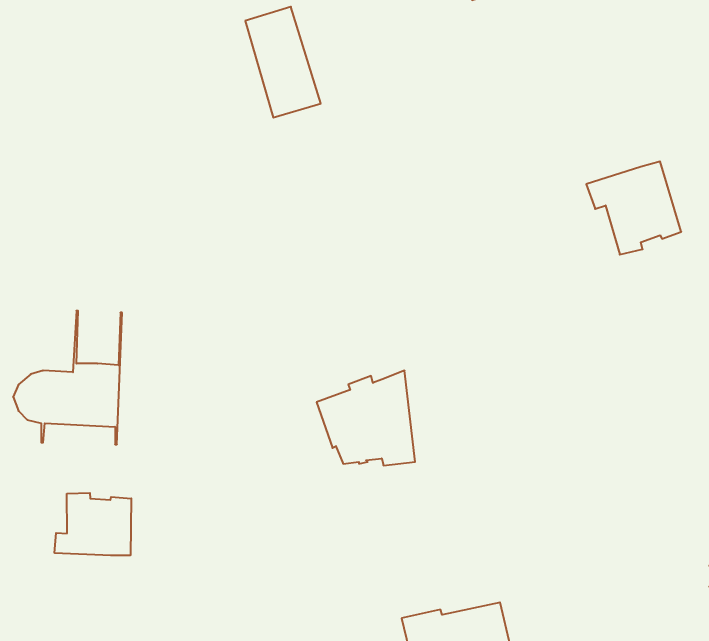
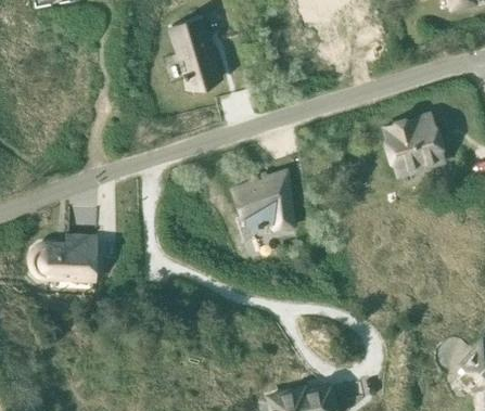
building: [317,371,415,465] -> [234,169,295,228]
building: [55,493,131,555] -> none

